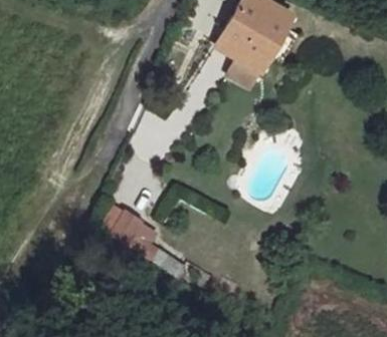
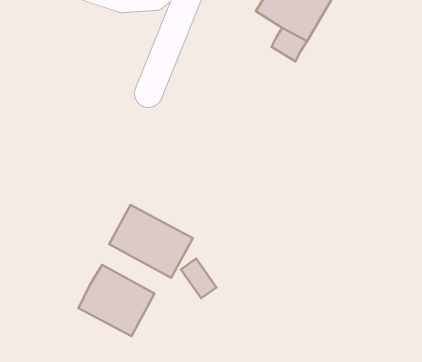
building: none -> [78,265,154,336]

